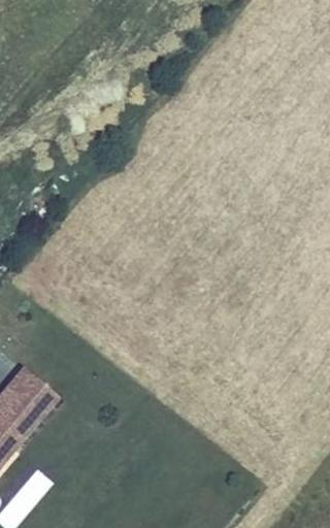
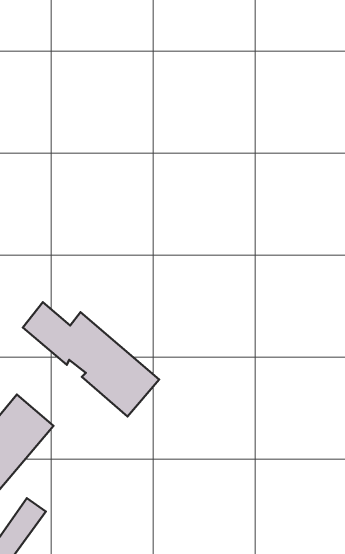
building: none -> [23,302,159,417]

